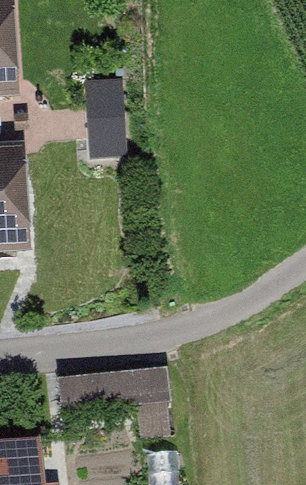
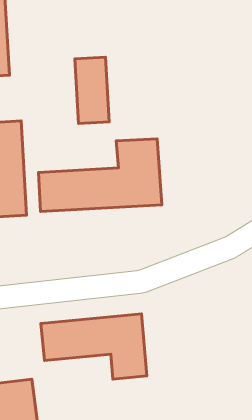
building: none -> [38,139,162,212]

